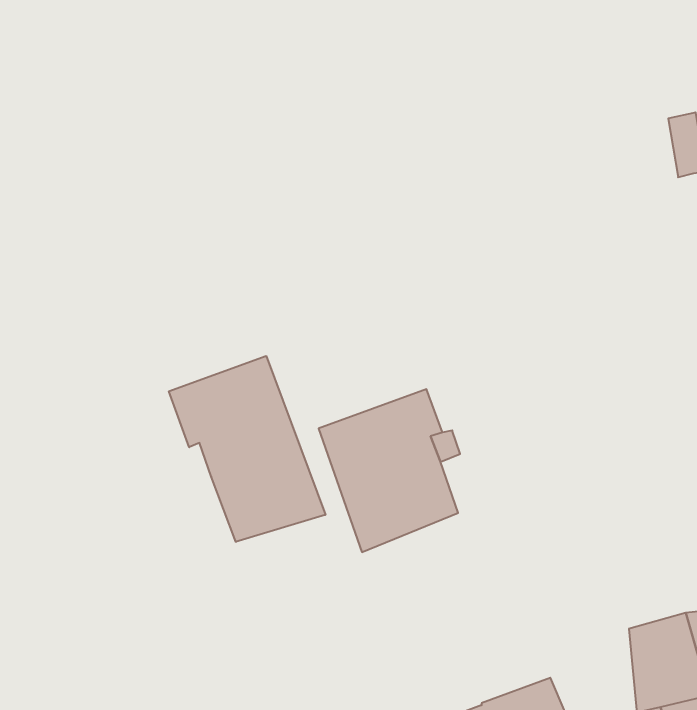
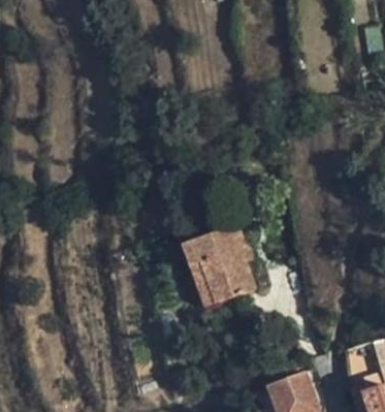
building: [169,356,325,542] -> none

